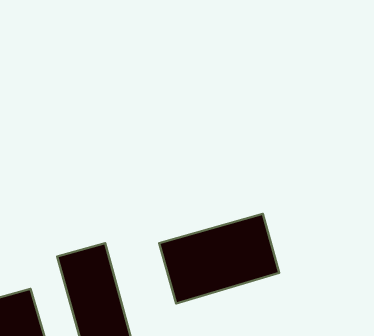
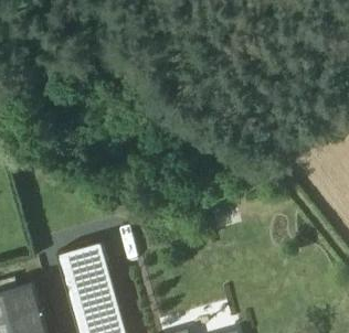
building: [159,214,279,303] -> none

